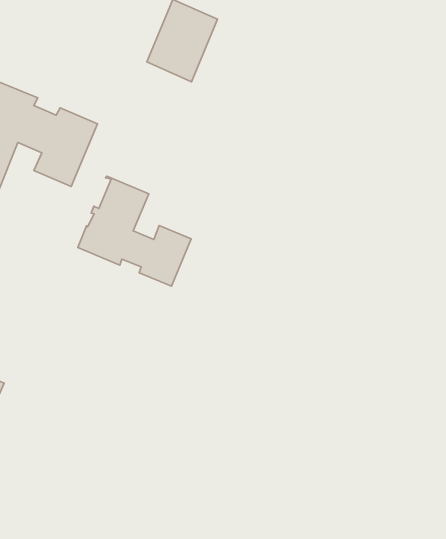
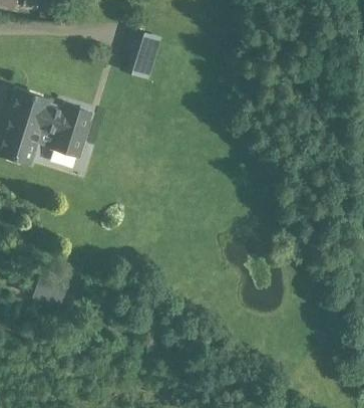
building: [78,176,191,286] -> none

